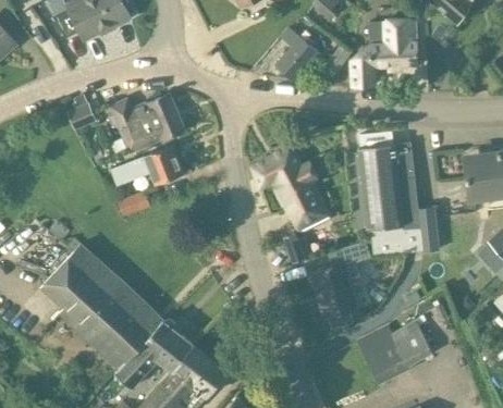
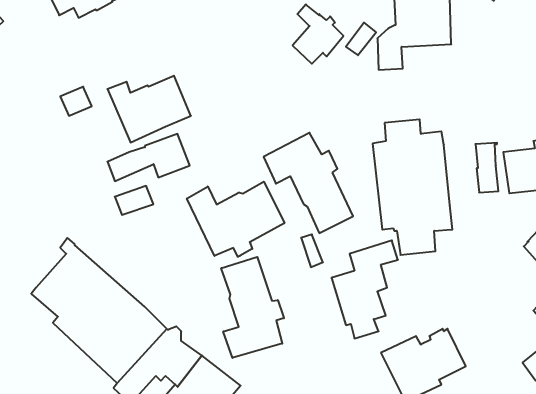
building: none -> [187,182,284,257]
building: [417,208,438,252] -> [475,143,498,192]
building: none -> [221,257,284,358]

